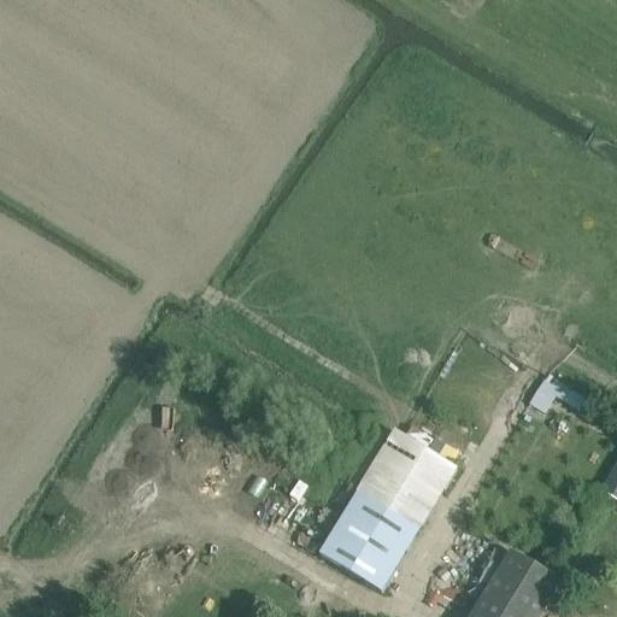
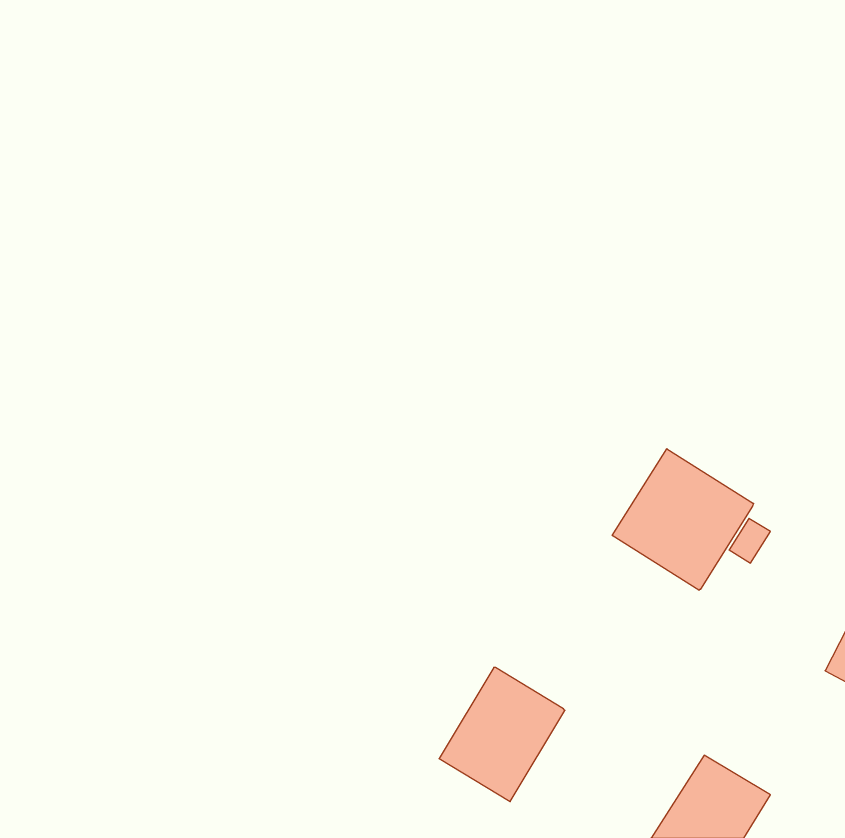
building: none -> [612,449,754,590]
building: [362,429,446,516] -> none

